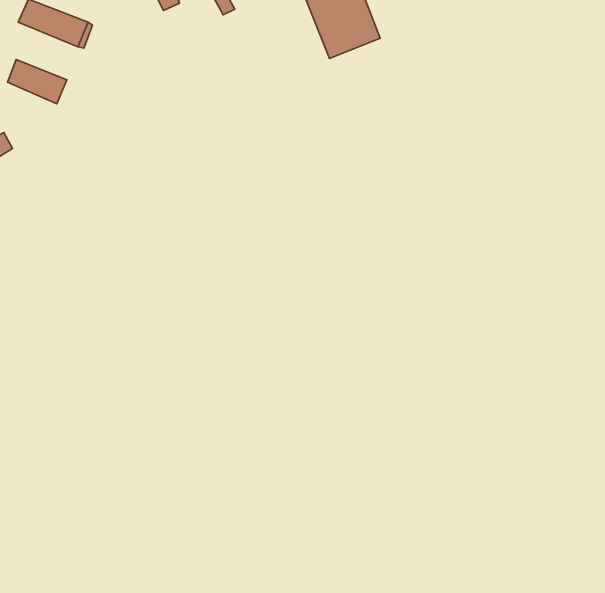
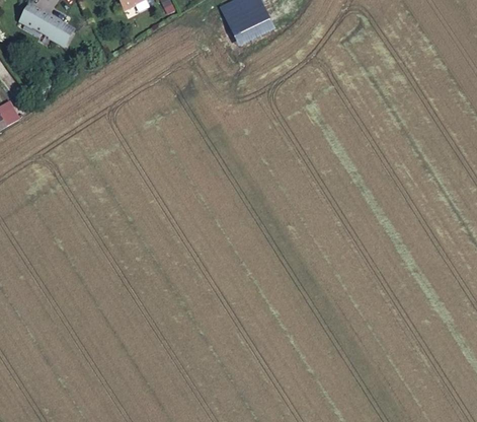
building: [7,59,67,104] -> none

